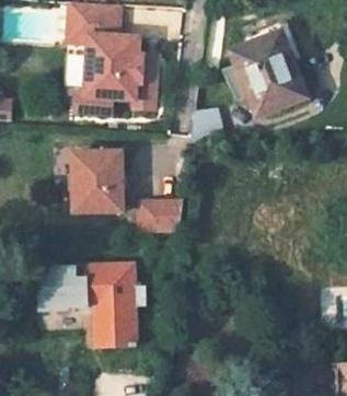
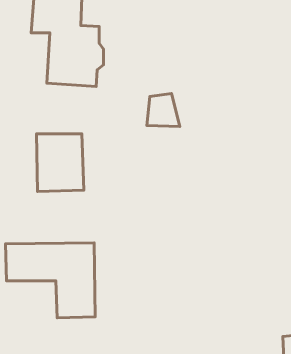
building: [225,24,308,118] -> none
building: [140,201,183,233] -> none

